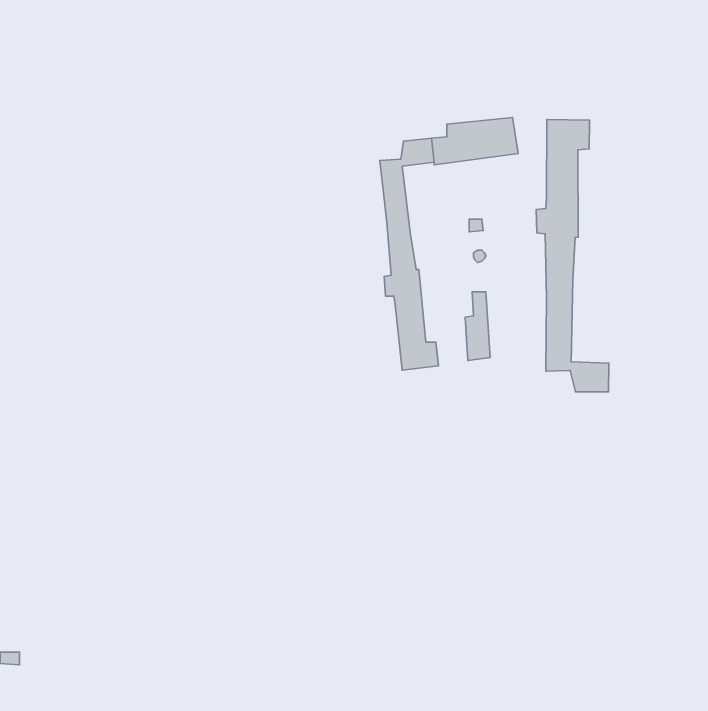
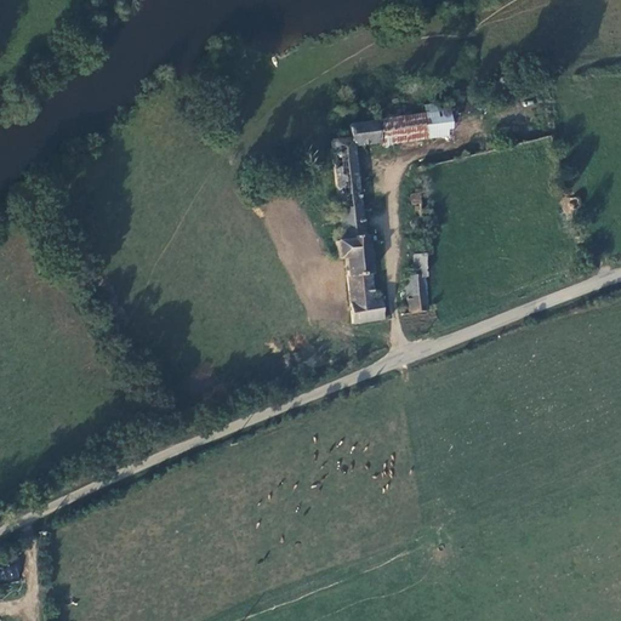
building: [536,120,609,392] -> none

